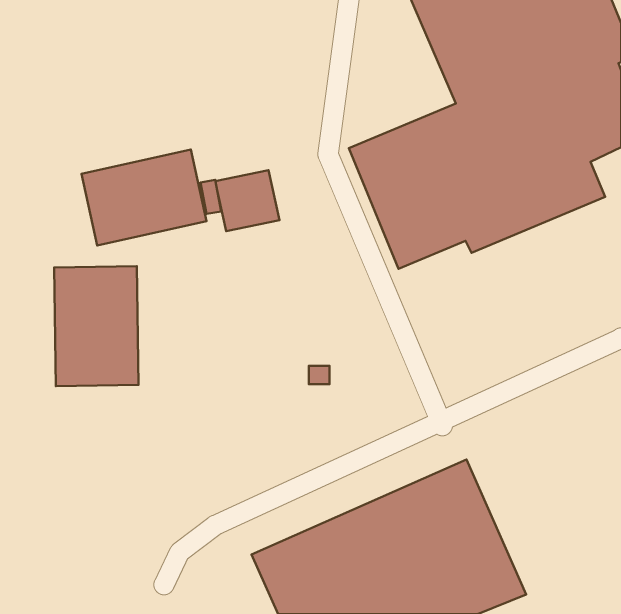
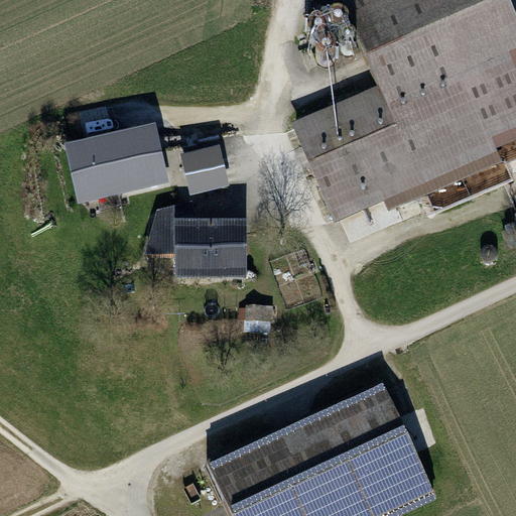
building: none -> [144,201,245,280]
building: [54,266,138,386] -> none

